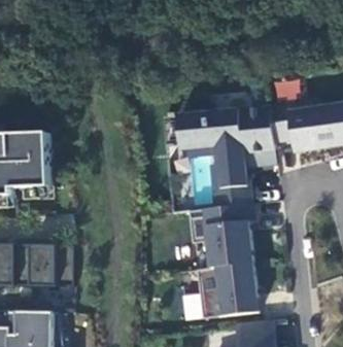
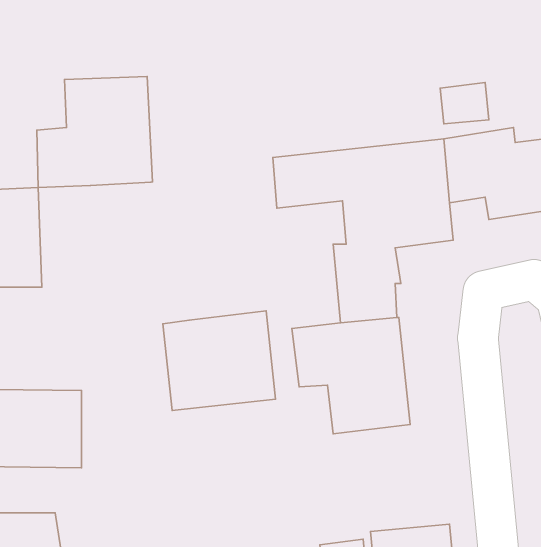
building: none -> [37,77,153,188]
building: [197,263,259,317] -> [163,311,276,410]

